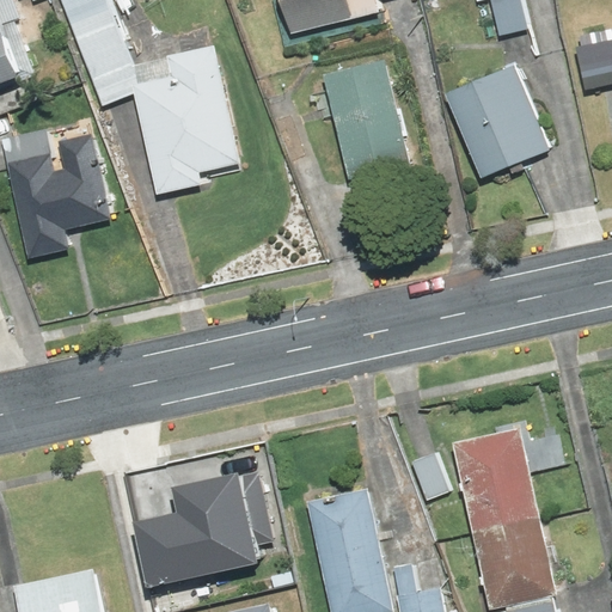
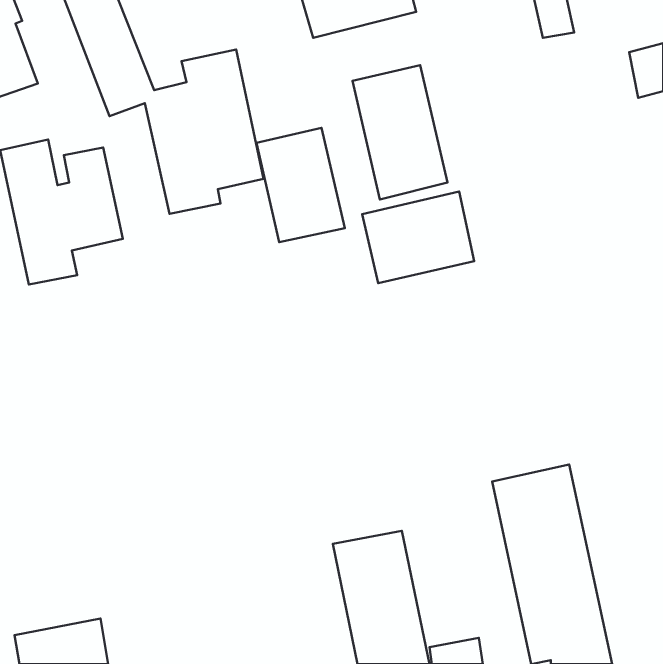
building: [443,63,550,180] -> none
building: none -> [256,128,345,242]
building: none -> [362,192,474,283]
building: [137,486,286,586] -> none

